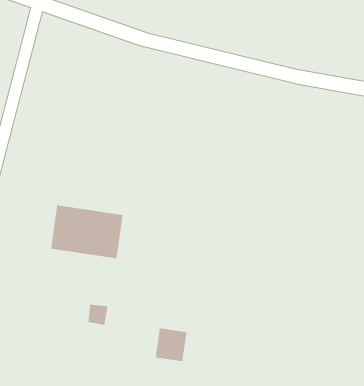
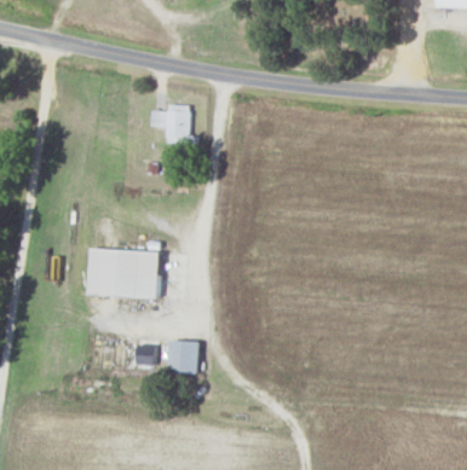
building: none -> [149,104,196,145]
building: [155,327,187,362] -> [168,341,198,373]

